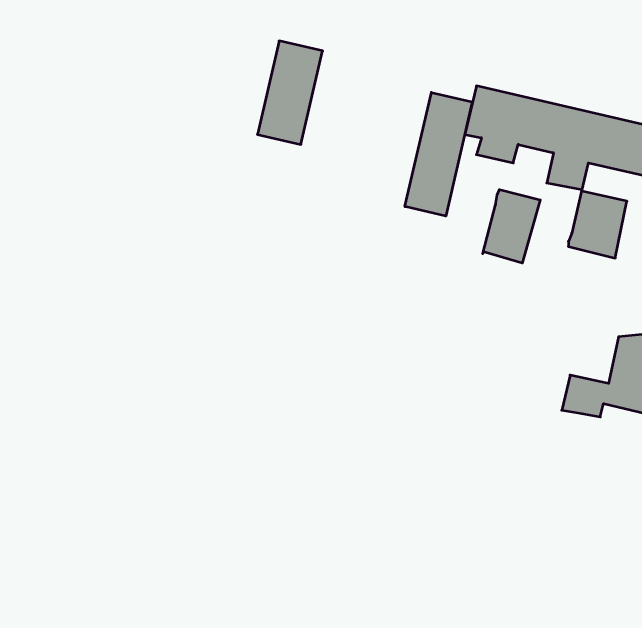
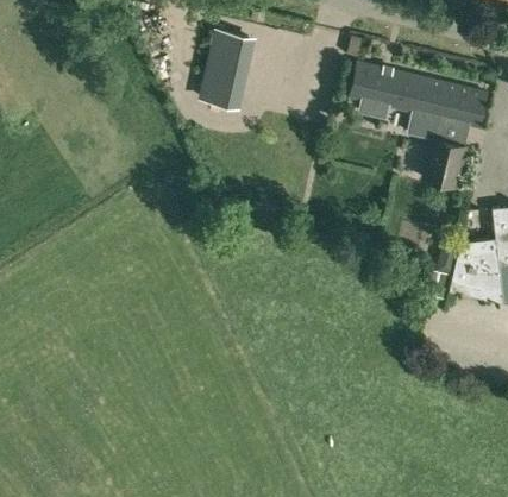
building: [405,92,472,216] -> none
building: [483,190,540,263] -> none

